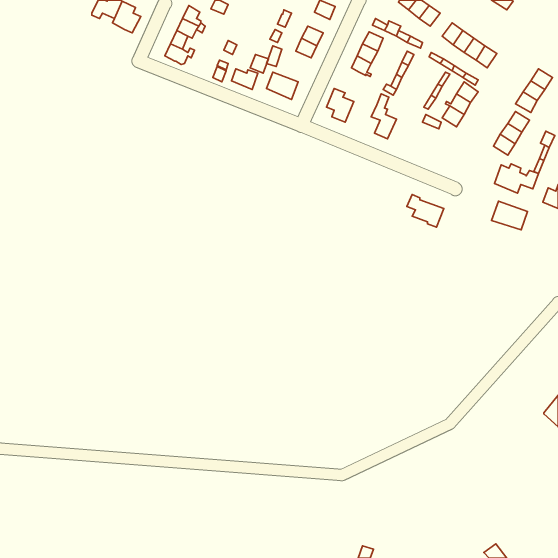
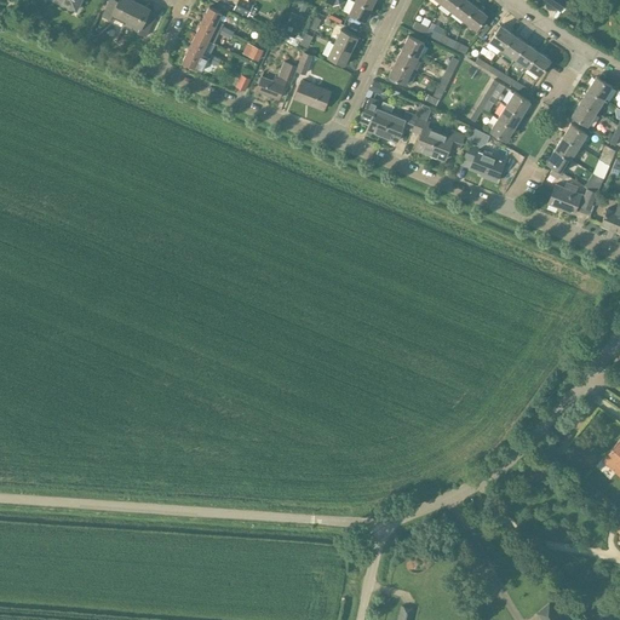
building: none -> [383,111,418,140]
building: none -> [430,131,465,160]
building: [407,194,444,227] -> [464,144,505,180]
building: [491,201,527,230] -> none

